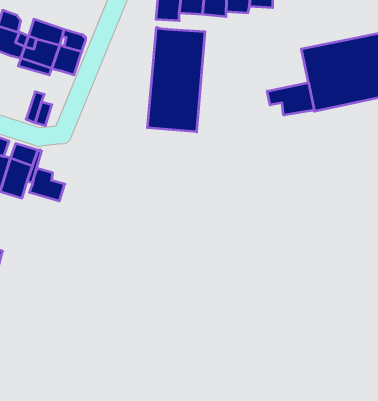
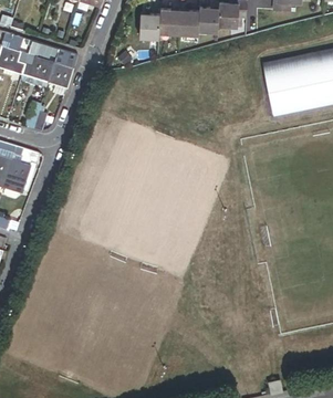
building: [147,27,205,132] -> none
building: [267,83,314,115] -> none
building: [29,168,65,201] -> none

